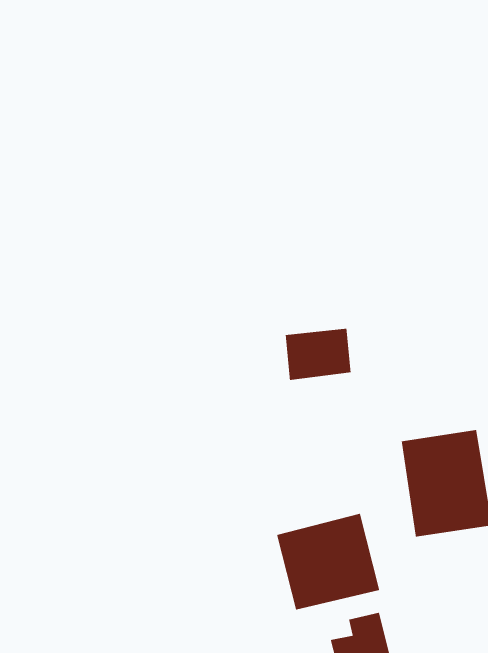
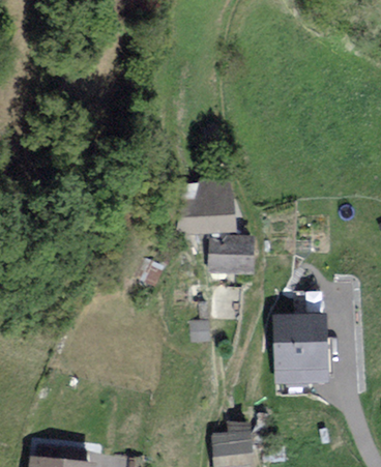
building: none -> [181,184,230,230]
building: [276,513,380,610] -> none

